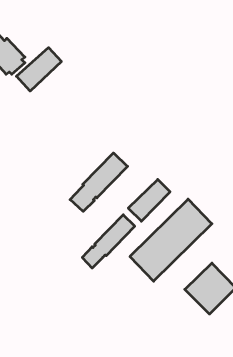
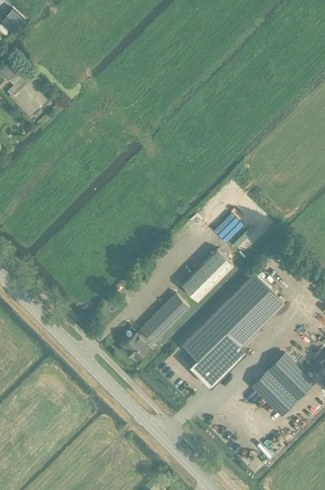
building: [16,48,61,91] -> none
building: [70,153,128,211] -> none

